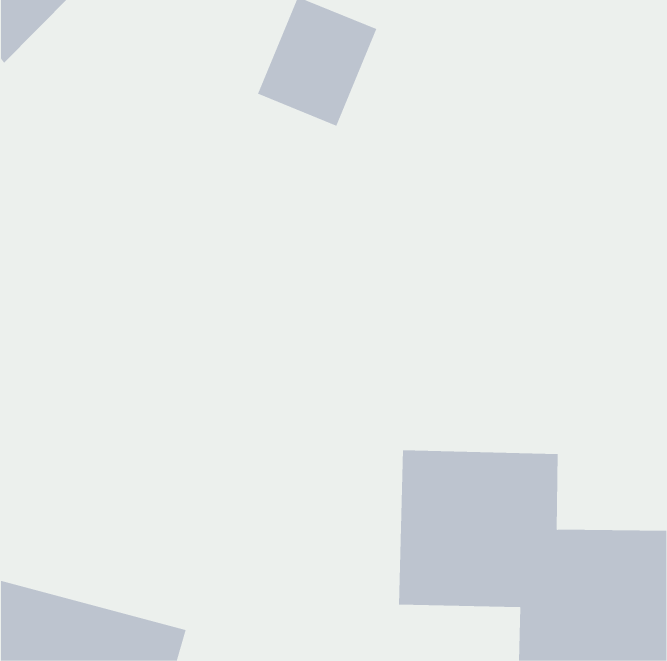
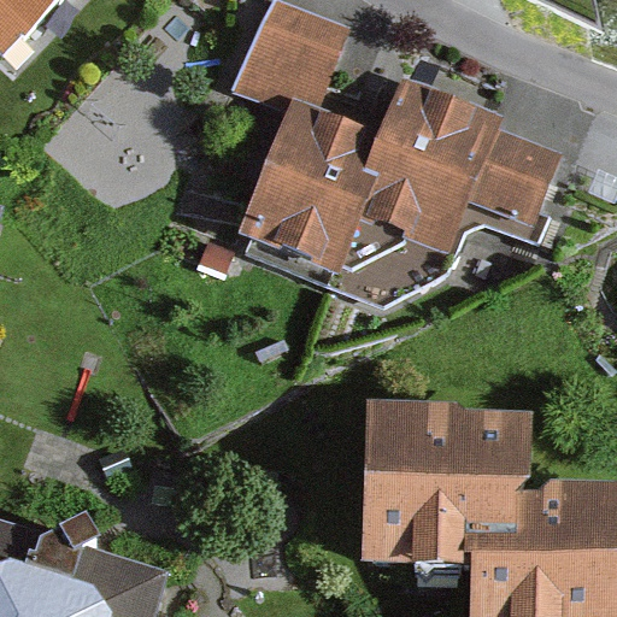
building: none -> [242,98,547,269]

